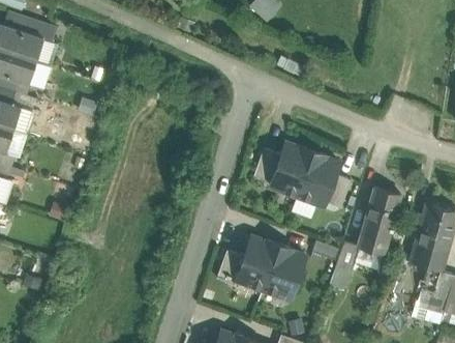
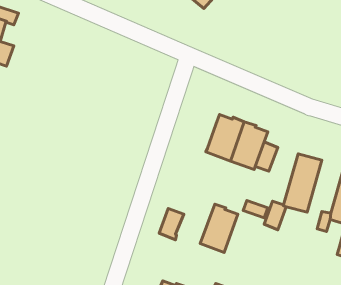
building: [253,148,280,181] -> none
building: [235,236,279,289] -> none

